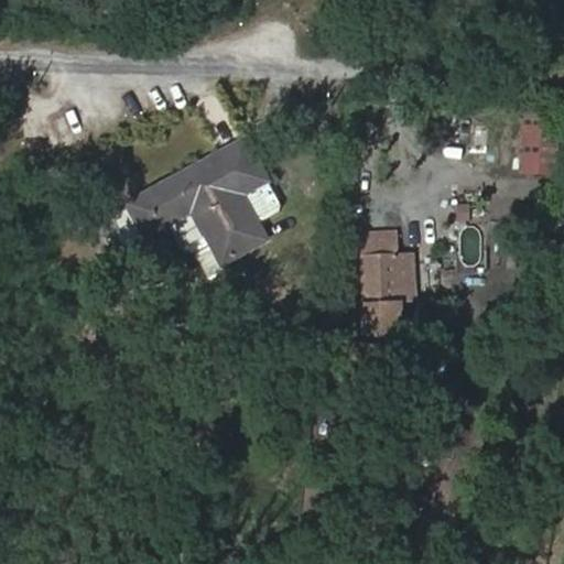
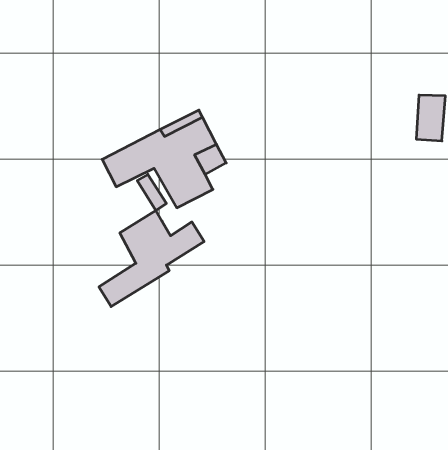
building: [358,228,415,321] -> none
building: none -> [99,210,204,307]

